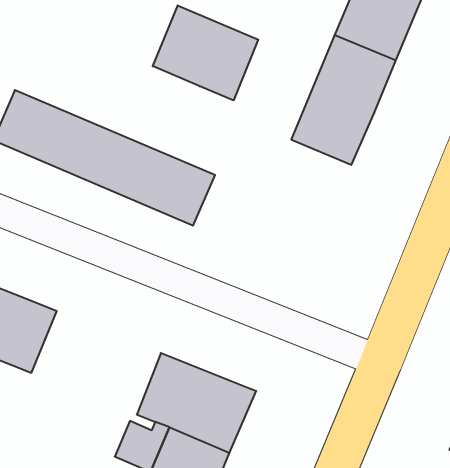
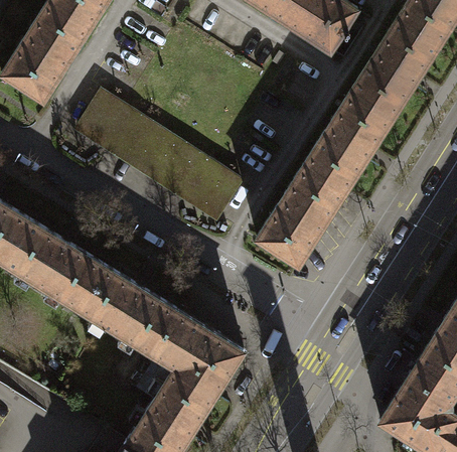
building: [153,5,258,100] -> none
building: none -> [255,165,344,266]
building: none -> [74,265,175,353]

